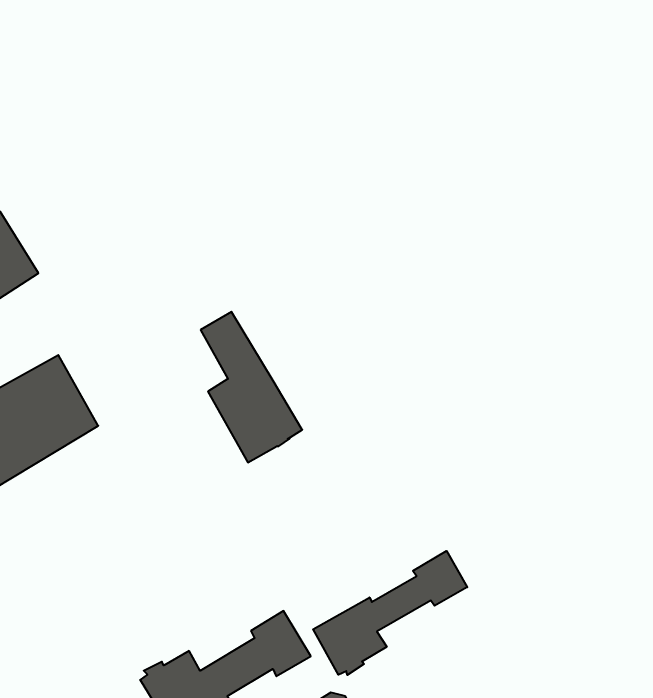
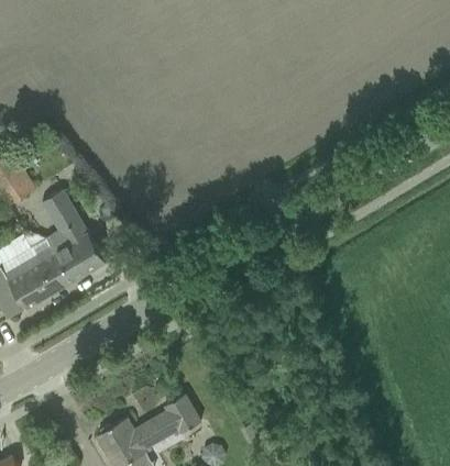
building: [201,312,302,462] -> [43,190,105,281]
building: [313,551,467,675] -> none

